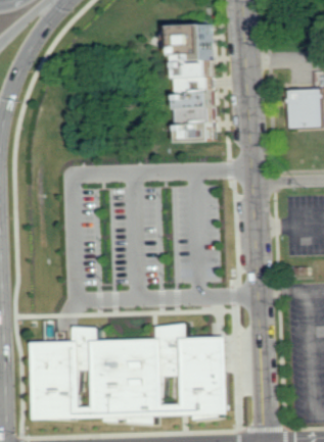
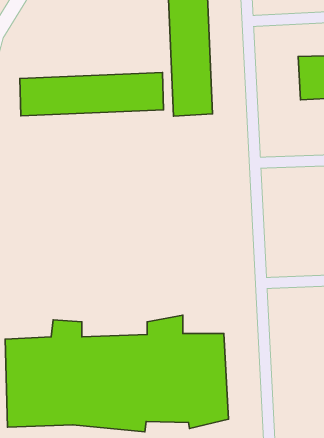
building: none -> [20,73,163,116]

